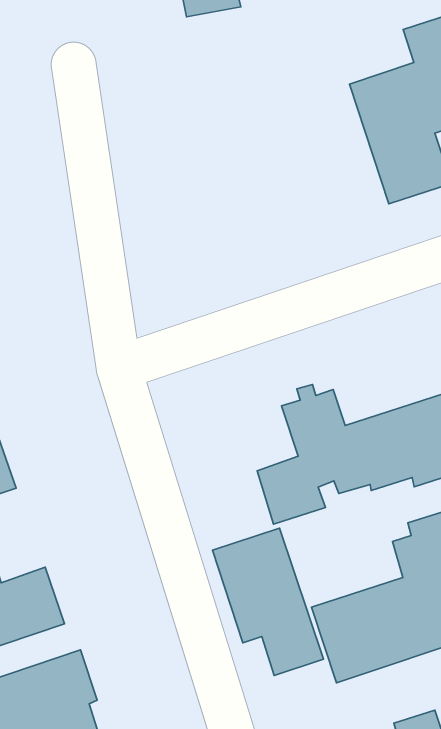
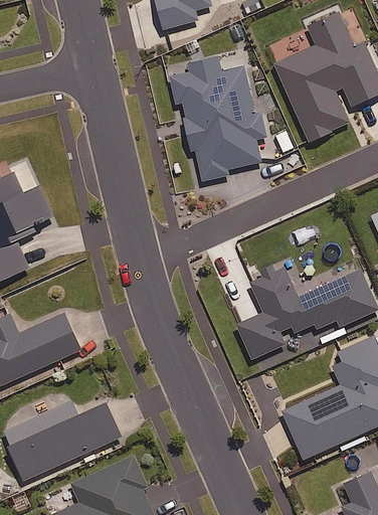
building: none -> [170,60,265,181]
building: [212,528,323,676] -> none

